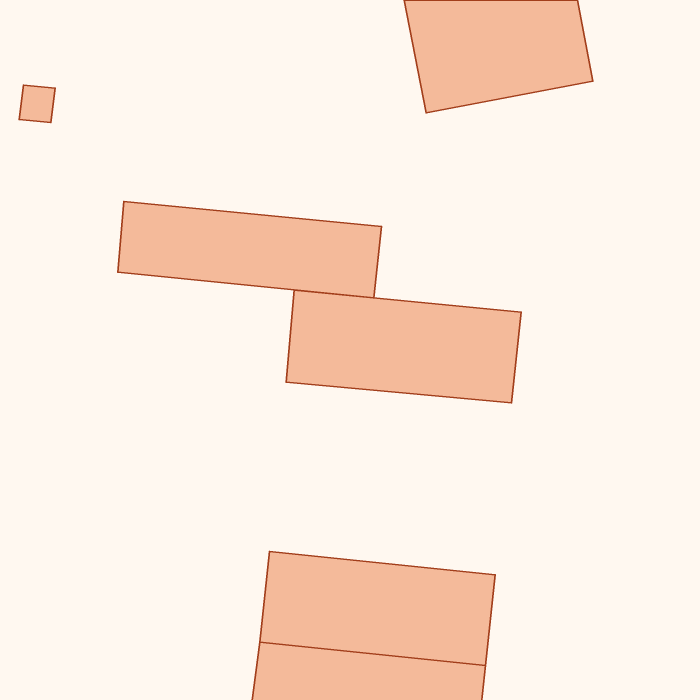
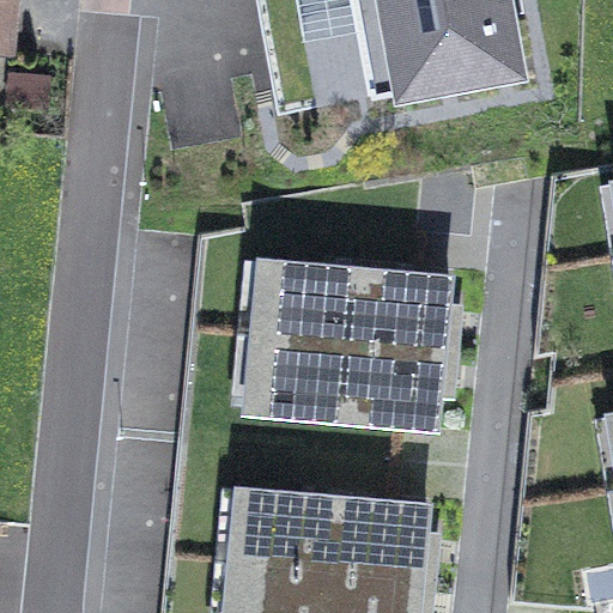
building: [118,201,381,298] -> none
building: none -> [241,335,445,433]

